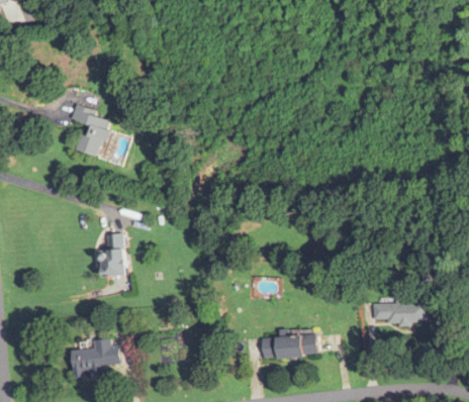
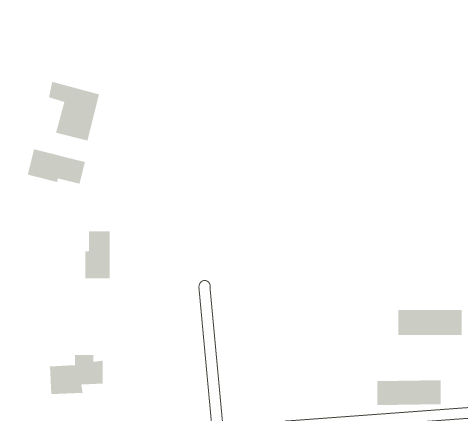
building: none -> [27,149,85,185]
building: [262,335,317,358] -> [377,380,441,406]

